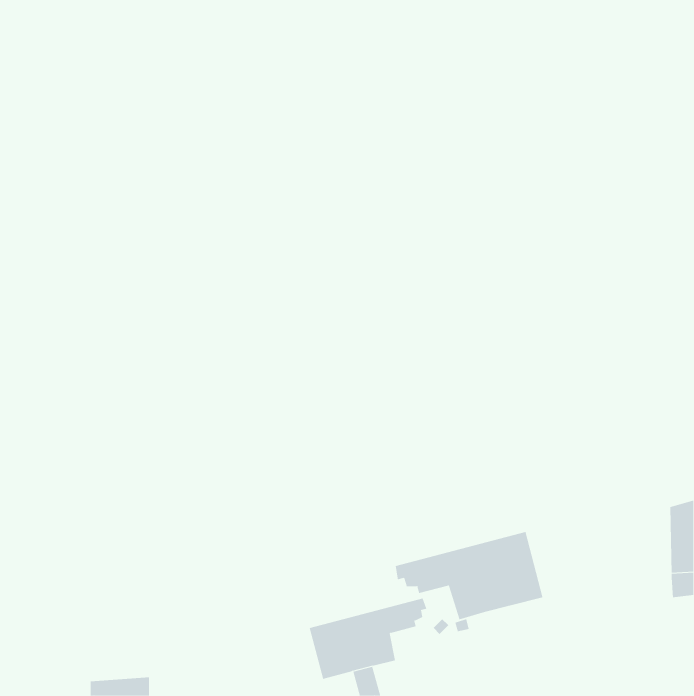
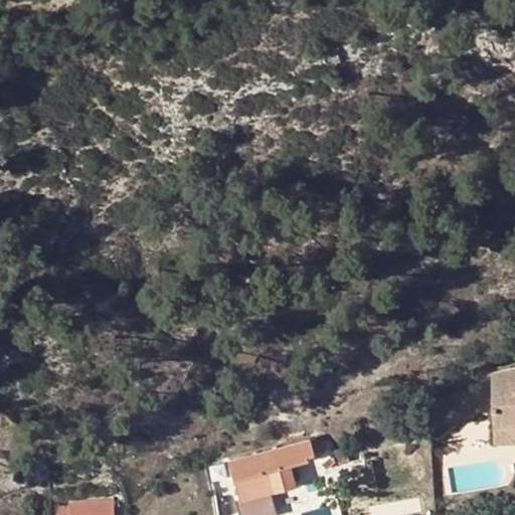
building: [395,531,543,620] -> none

